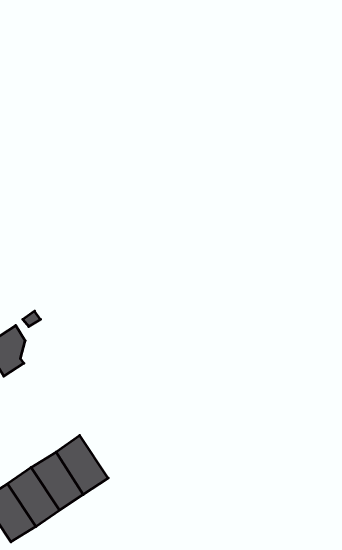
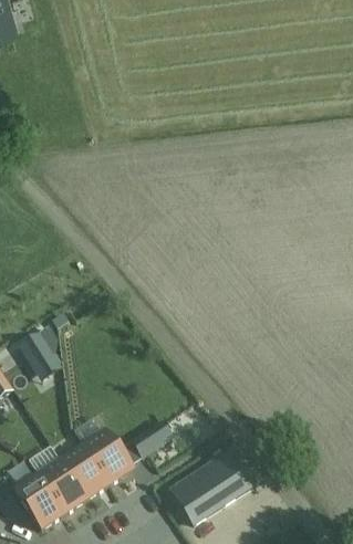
building: none -> [131,421,172,457]
building: none -> [168,451,250,524]

